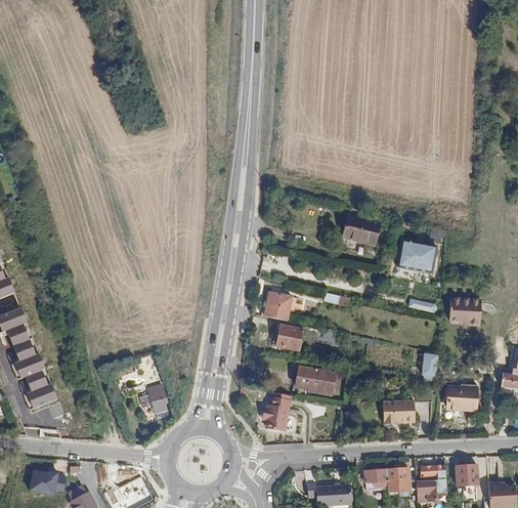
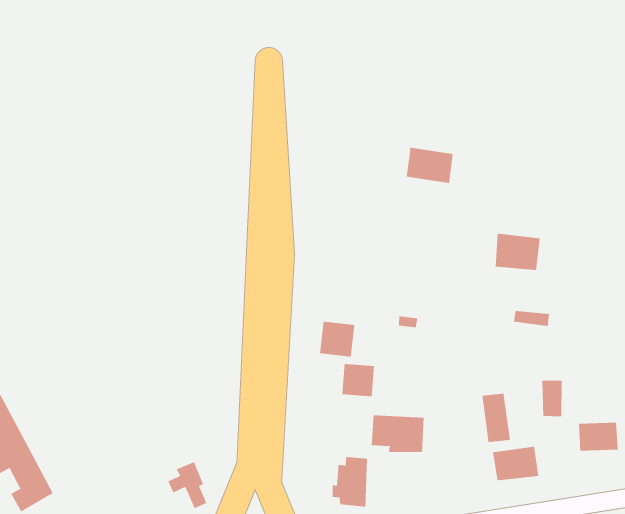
building: [341,218,378,248] -> [406,147,454,183]
building: [449,298,481,327] -> none
building: none -> [482,393,510,443]

